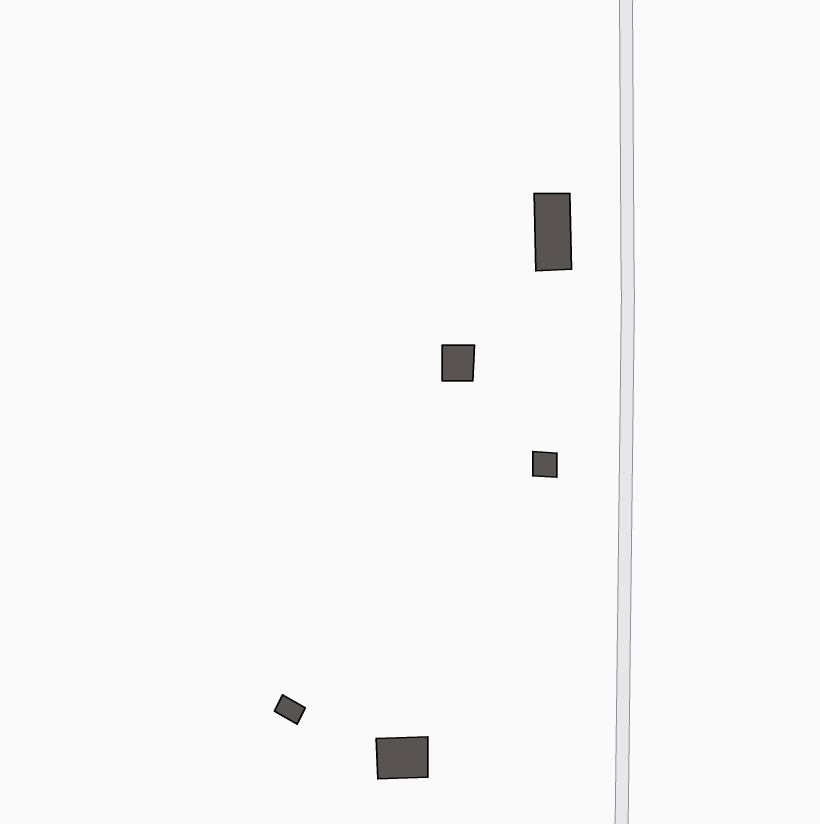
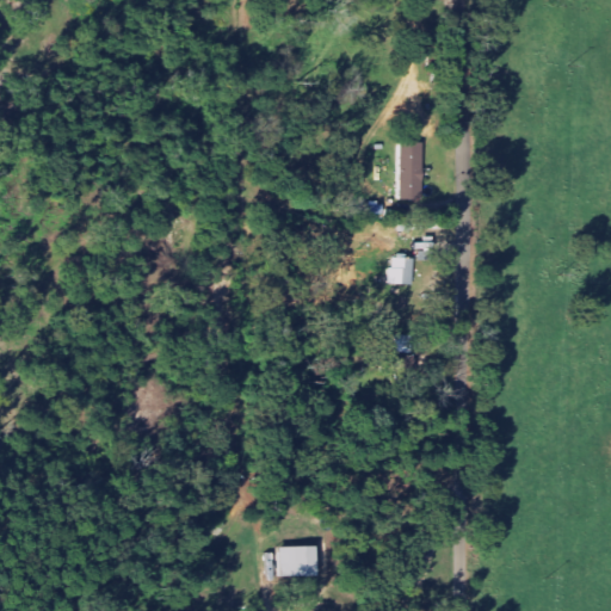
building: [442,345,474,381] -> [388,258,412,284]

